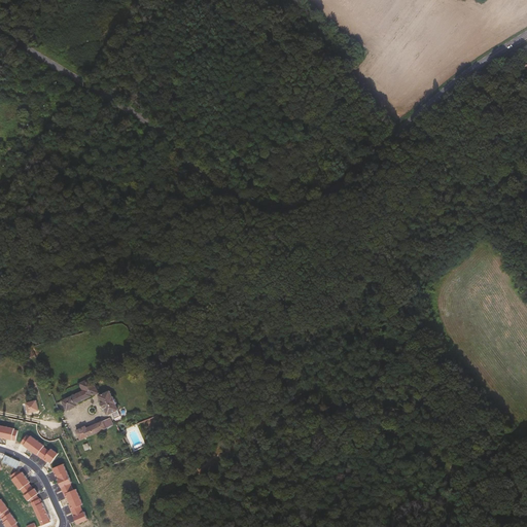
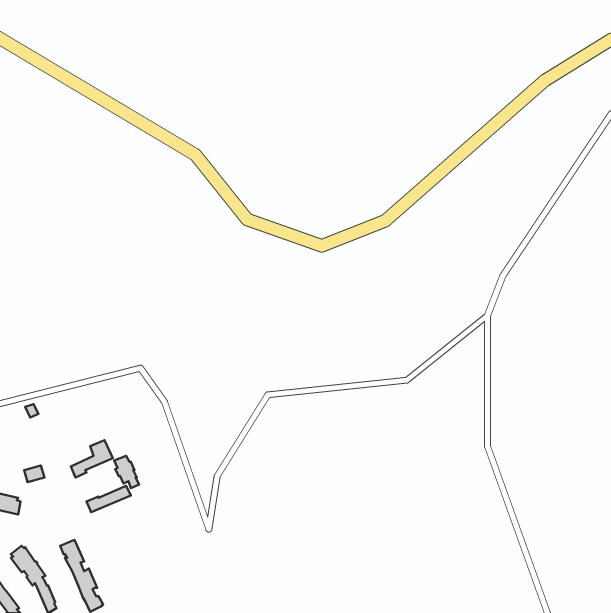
building: [17,433,57,463] -> none

